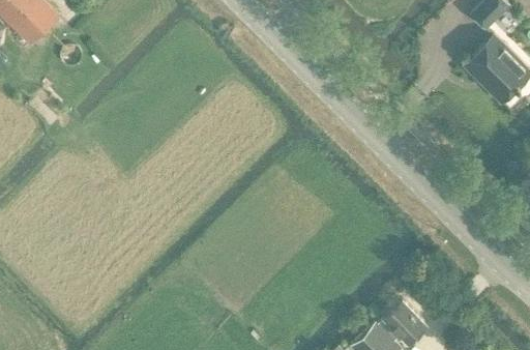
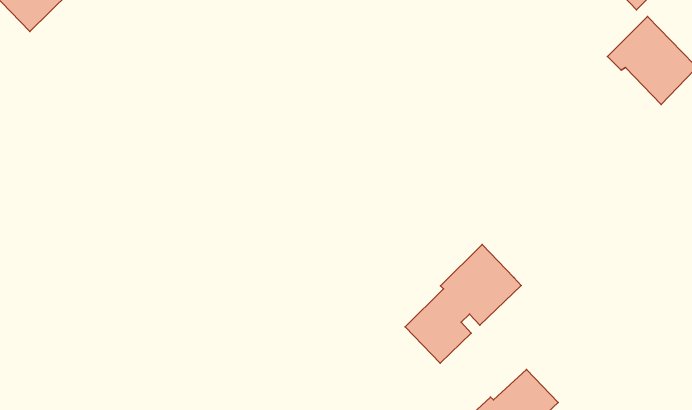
building: none -> [405,245,521,363]

